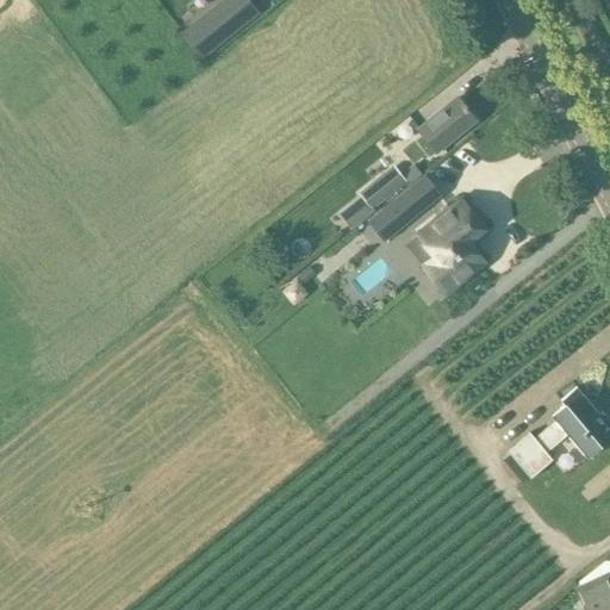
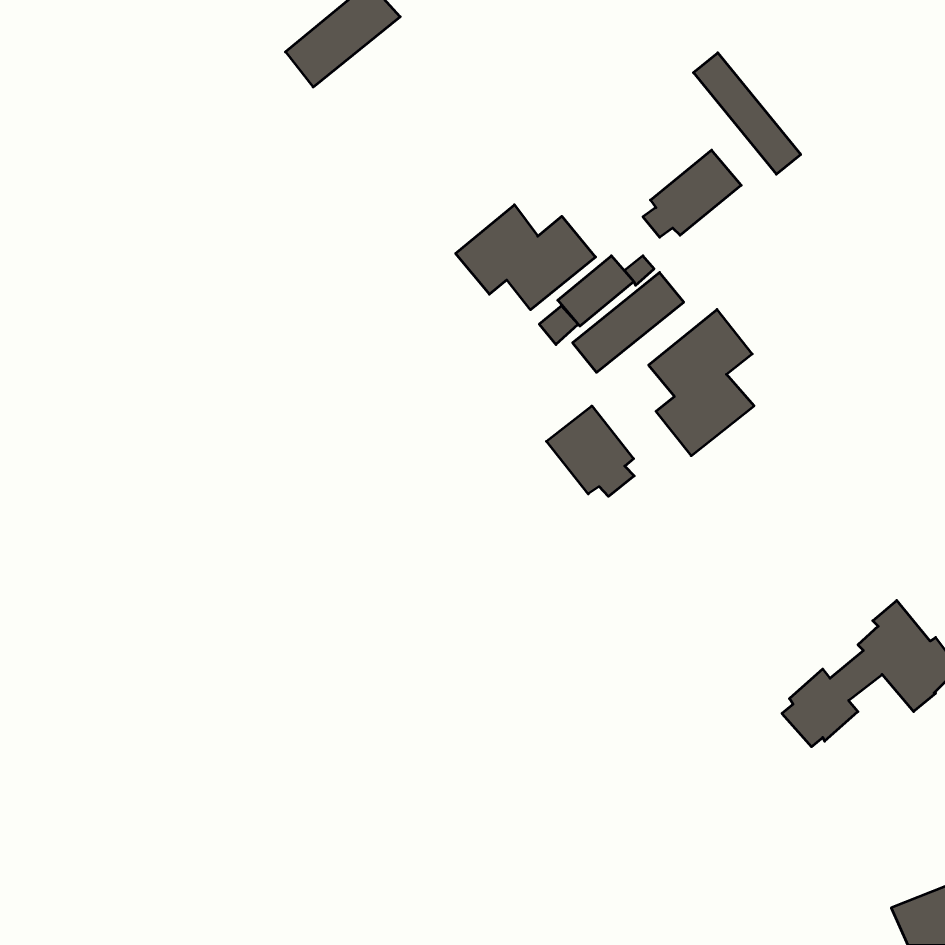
building: none -> [693,53,801,174]
building: none -> [456,205,596,310]
building: none -> [546,406,634,496]

